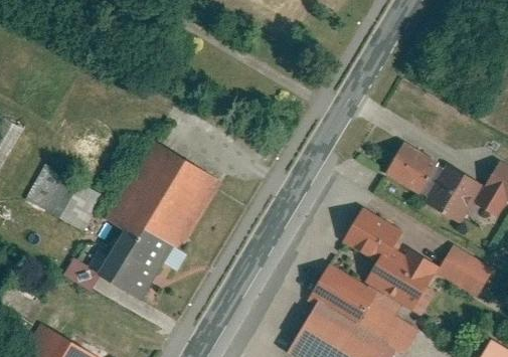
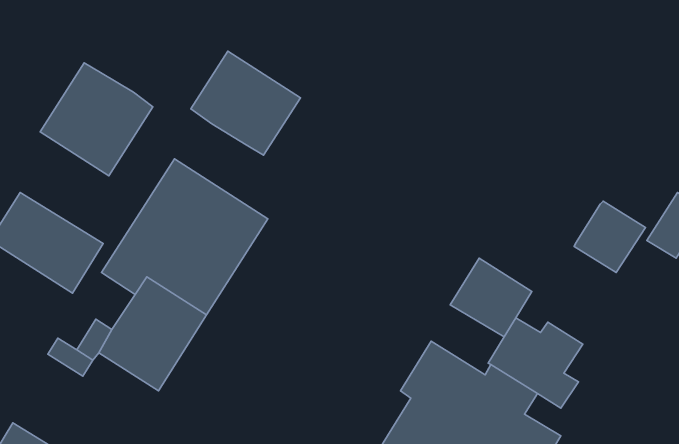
building: none -> [191,51,301,155]
building: none -> [40,63,153,176]
building: [384,143,447,199] -> none
building: [438,247,492,295] -> none

